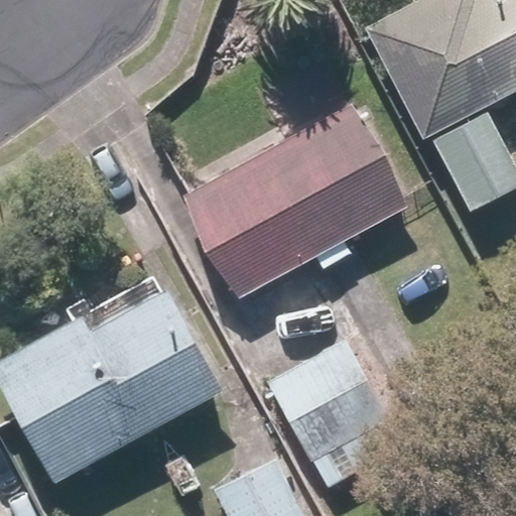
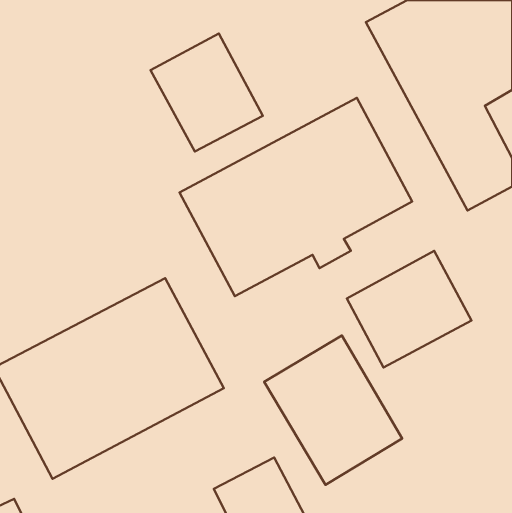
building: none -> [150,34,263,152]
building: none -> [347,251,471,368]

